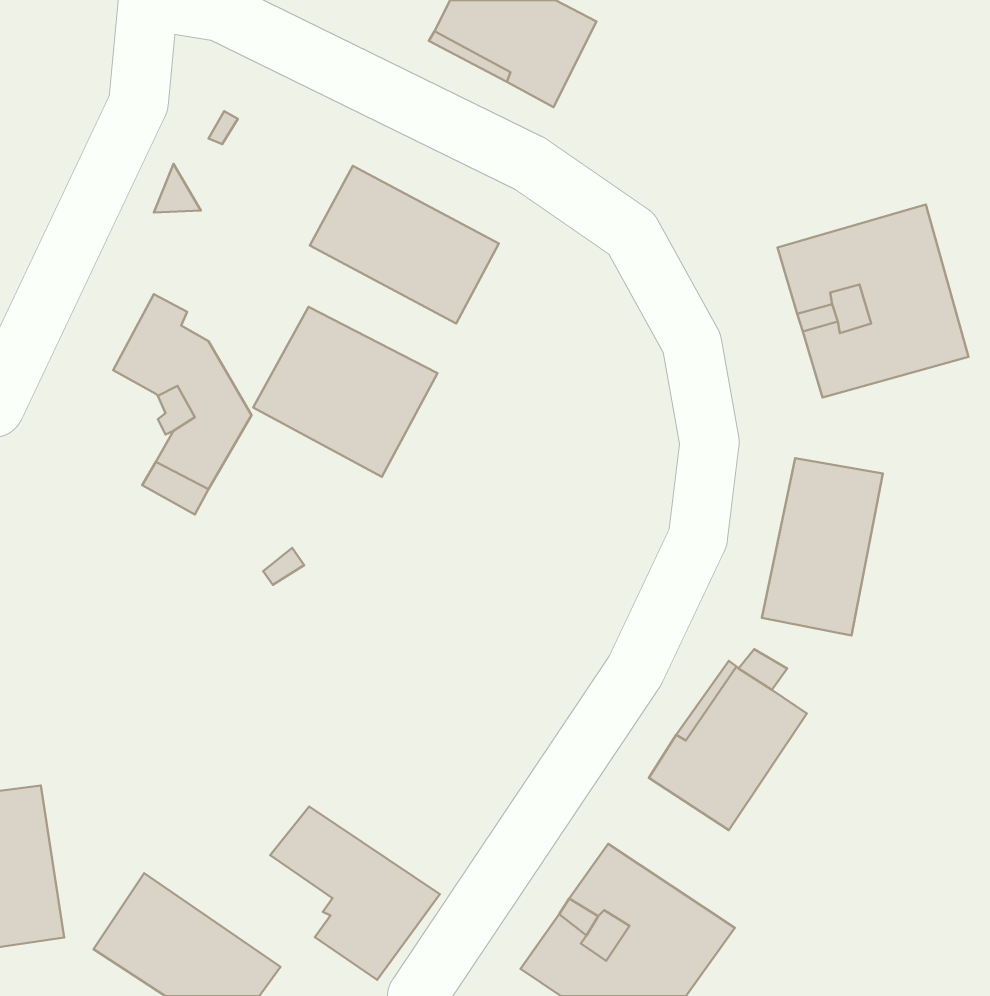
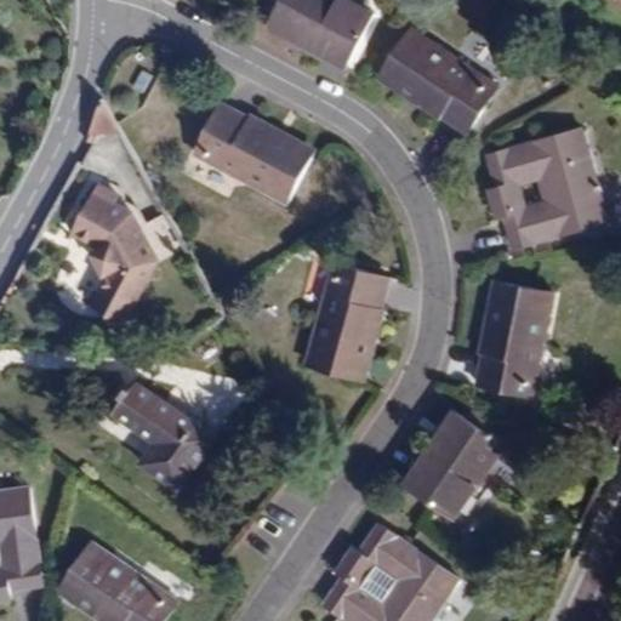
building: none -> [378,29,494,133]
building: [253,307,437,477] -> none
building: none -> [304,263,386,376]
building: [270,806,440,980] -> [110,382,216,490]

